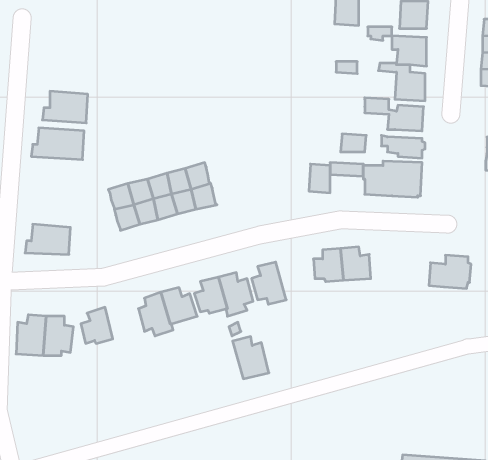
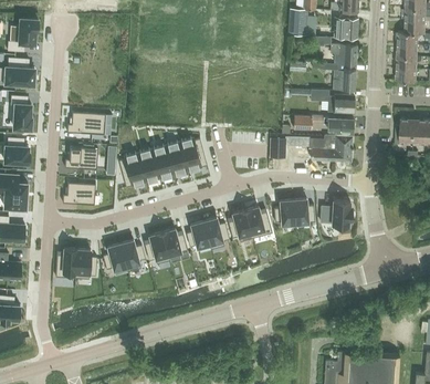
building: [42,91,88,123] -> [64,146,97,169]
building: [429,255,471,288] -> [321,199,352,224]
building: none -> [120,239,145,271]
building: [233,337,269,379] -> [245,206,272,237]

